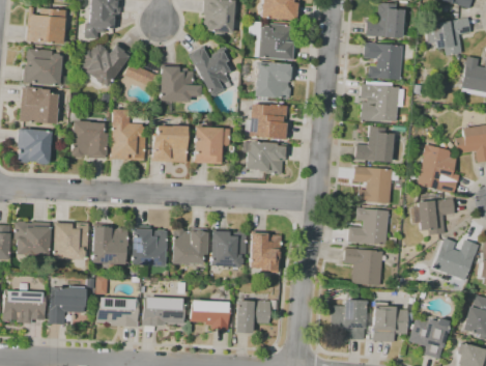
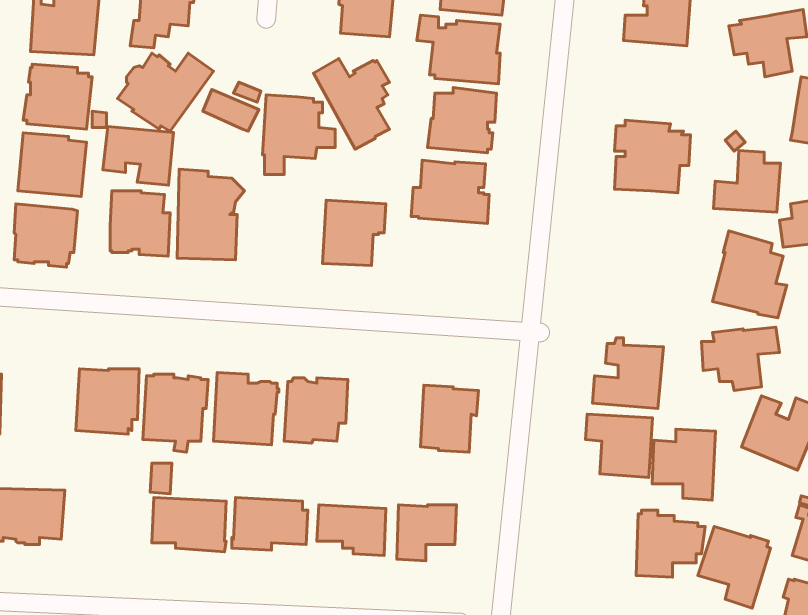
building: [364,43,403,80] -> none
building: none -> [103,127,173,185]
building: [151,125,189,164] -> none
building: [355,126,394,162] -> [713,150,781,212]
building: [242,141,287,174] -> none
building: [353,166,397,204] -> none
building: [15,221,51,256] -> none
building: [210,231,249,268] -> none
building: [49,286,85,325] -> none
building: [331,300,367,340] -> [652,429,716,500]

